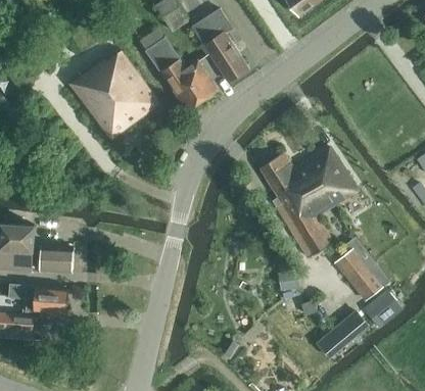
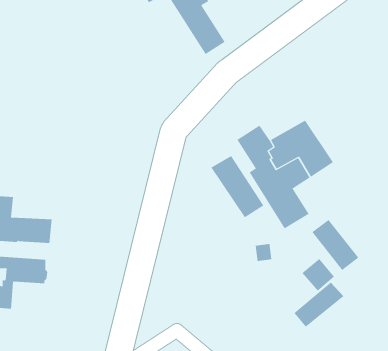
building: [148,40,217,109] -> none
building: [69,52,159,140] -> none
building: none -> [211,155,264,218]
building: [368,290,402,324] -> [301,258,335,292]

